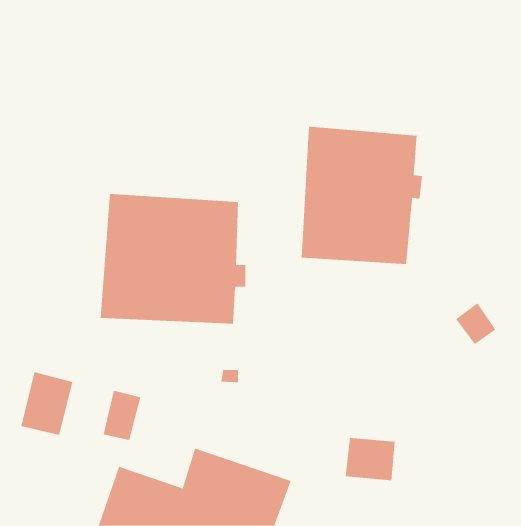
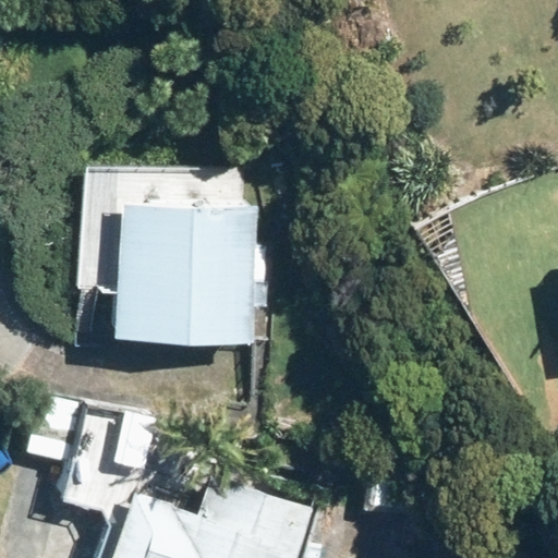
building: [301,126,423,265] -> none

